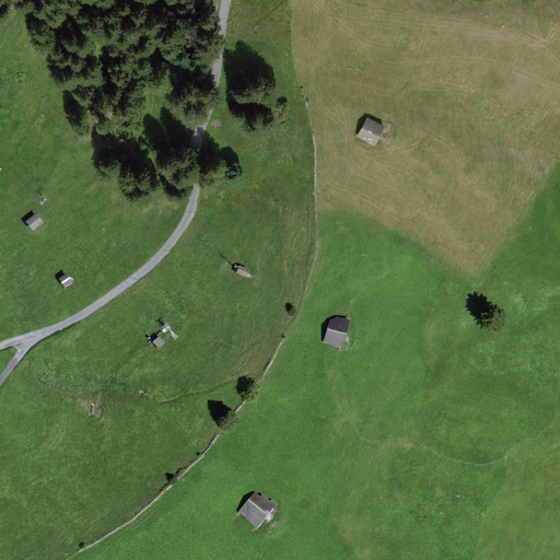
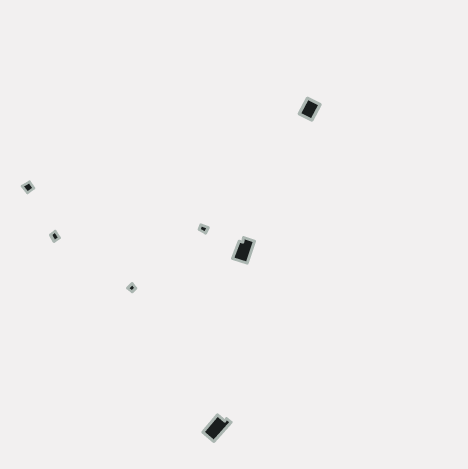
building: [323,317,349,348] -> [233,237,255,263]

